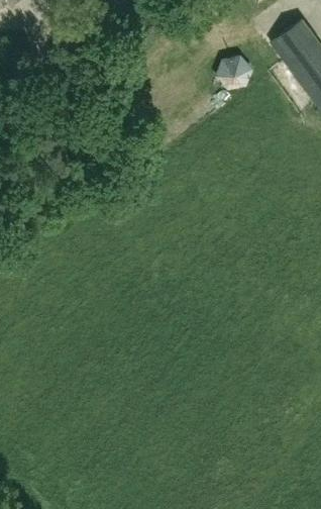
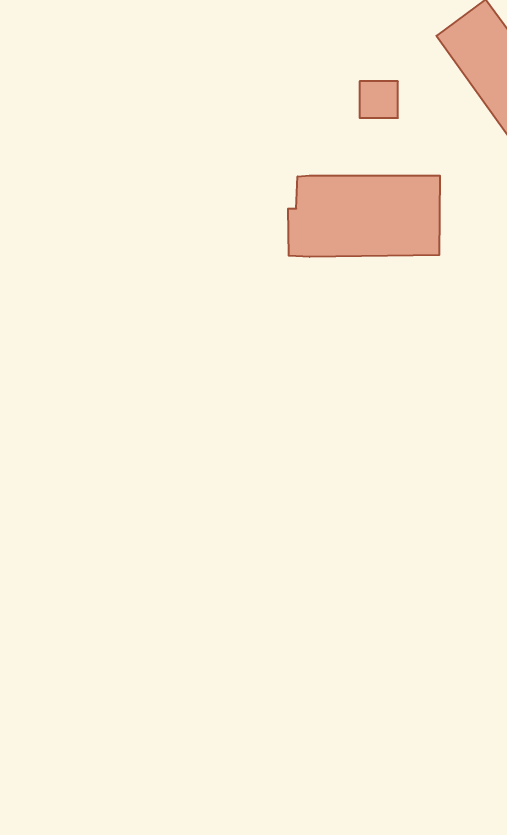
building: none -> [288,176,440,257]

